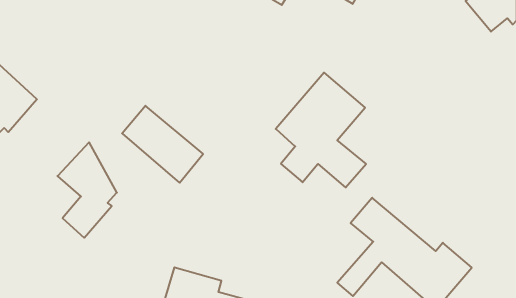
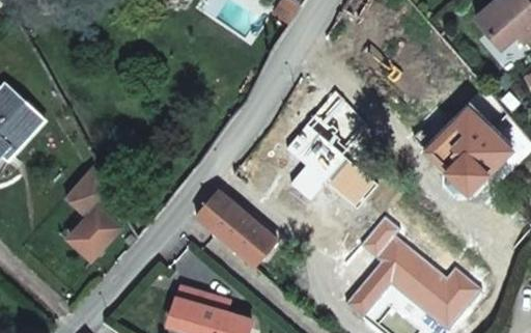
building: none -> [414,110,512,194]
building: [122,106,203,183] -> [196,190,278,268]

